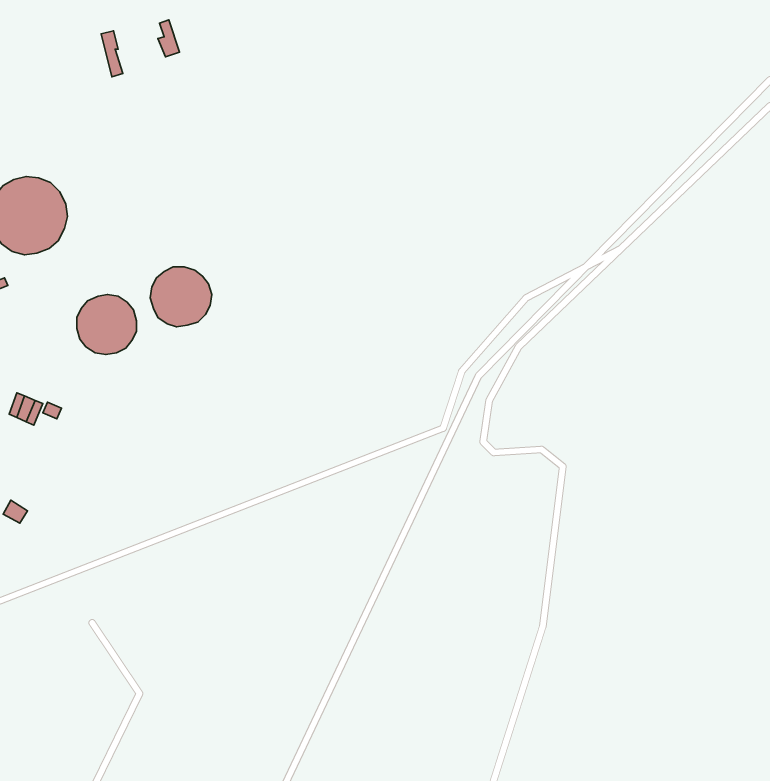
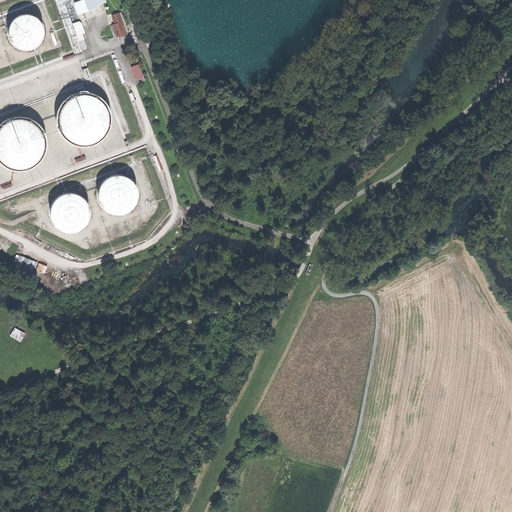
building: none -> [9,16,42,48]
building: none -> [60,95,109,144]

